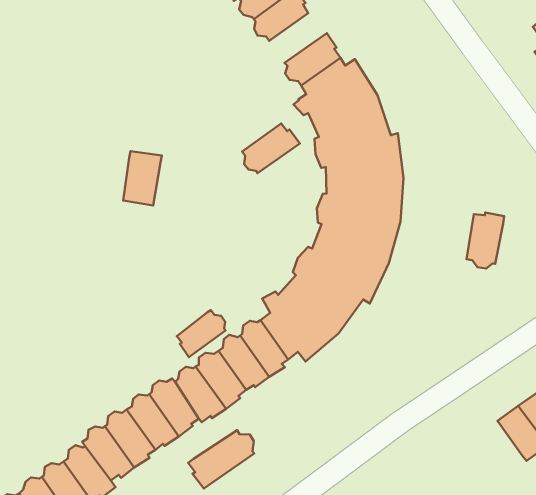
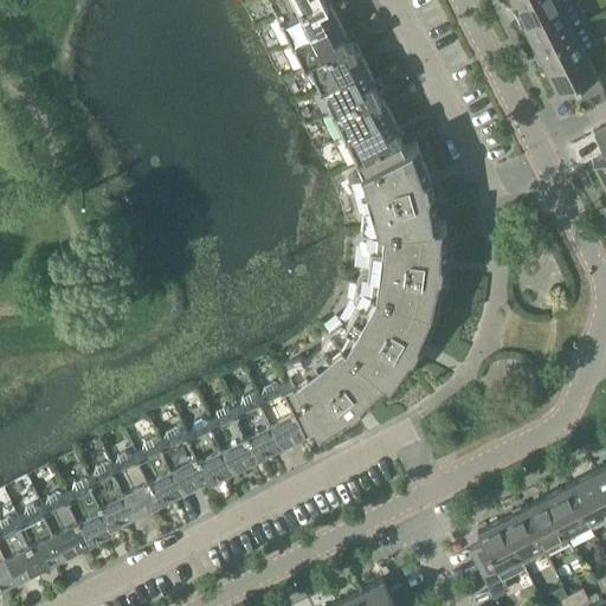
building: [242,124,300,173] -> [336,95,394,140]
building: [123,151,162,205] -> none
building: [466,213,504,269] -> none
building: [177,310,225,357] -> none
building: none -> [472,524,528,585]
building: [188,430,254,489] -> none

